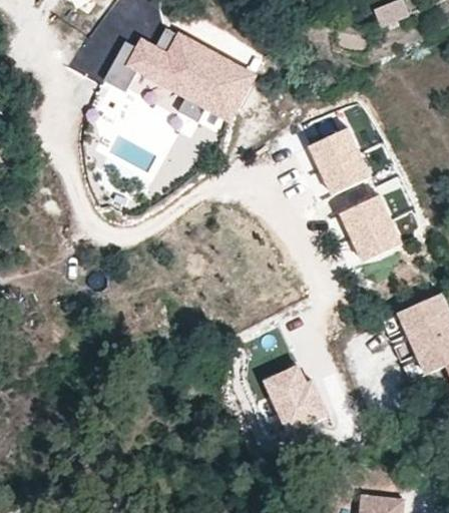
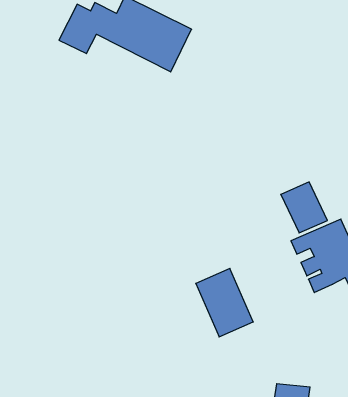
building: [309,128,366,192] -> none
building: [341,198,397,260] -> [281,182,327,233]

